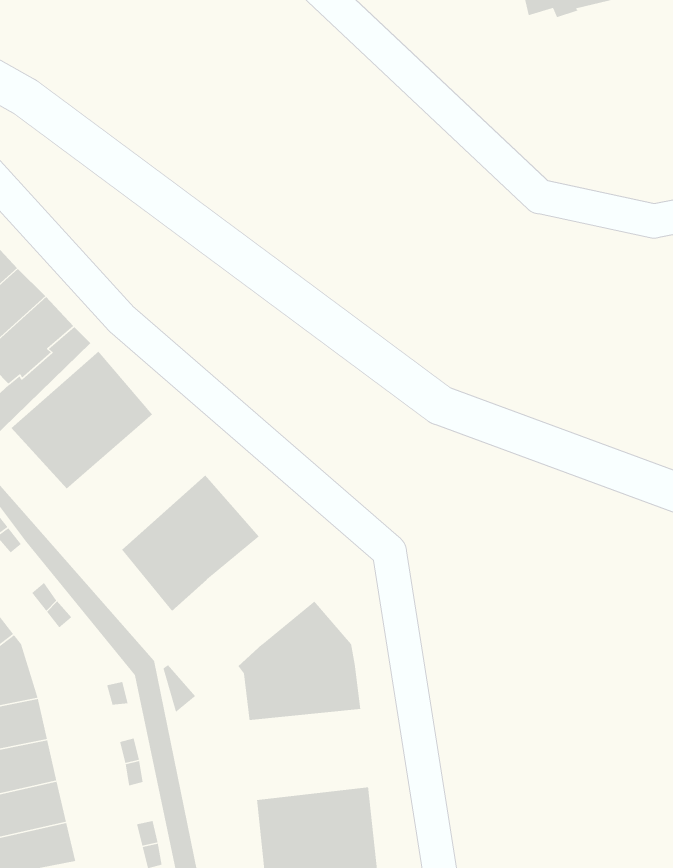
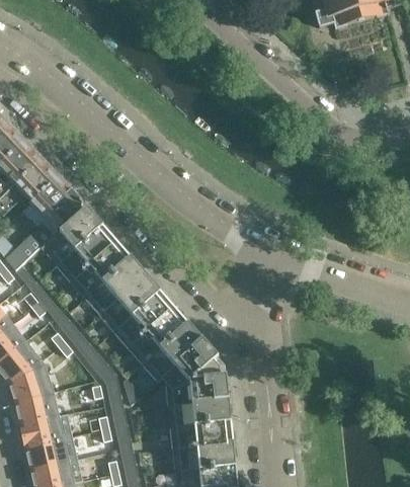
building: none -> [70,240,145,313]
building: none -> [127,306,203,380]
building: none -> [168,399,233,448]

